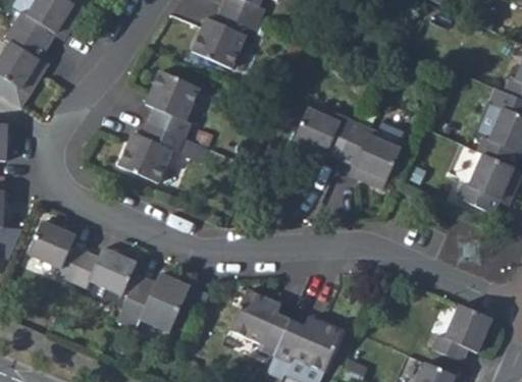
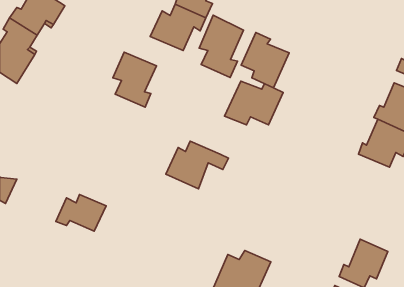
building: none -> [199,15,244,77]
building: [340,119,400,188] -> [241,33,289,88]
building: [116,121,195,181] -> [166,141,228,189]
building: [28,220,86,281] -> none
building: [117,273,209,332] -> none
building: [226,289,289,358] -> none

